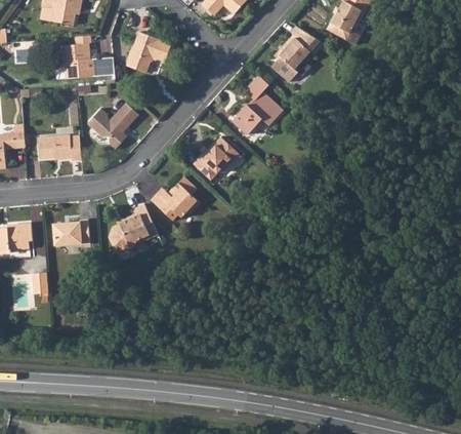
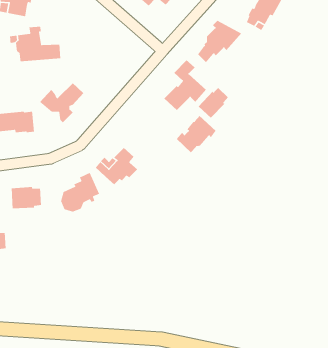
building: [125,30,171,71] -> none
building: none -> [198,87,229,118]
building: [195,134,242,179] -> [176,115,216,153]

